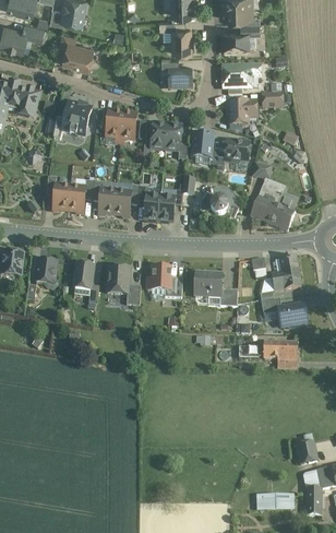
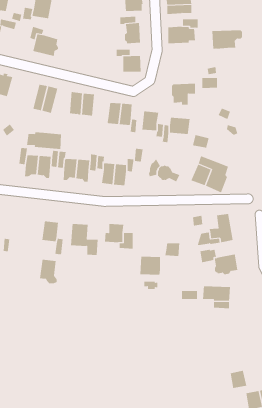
building: [221,64,259,87] -> [212,30,243,49]
building: none -> [27,132,61,150]
building: [35,259,57,288] -> [39,259,58,284]
building: [195,273,220,298] -> [140,256,161,277]

